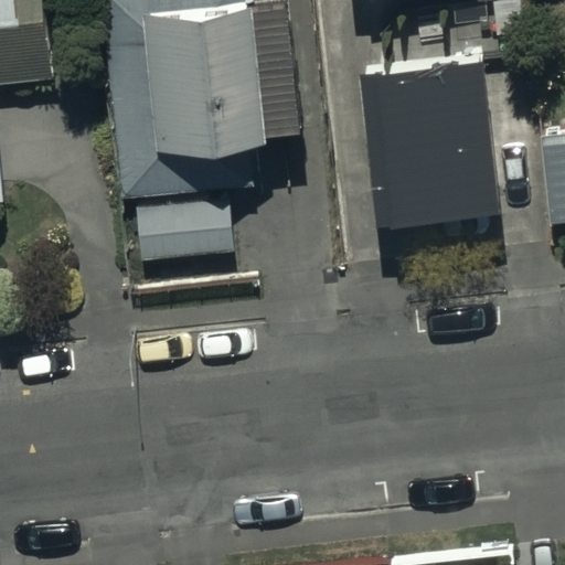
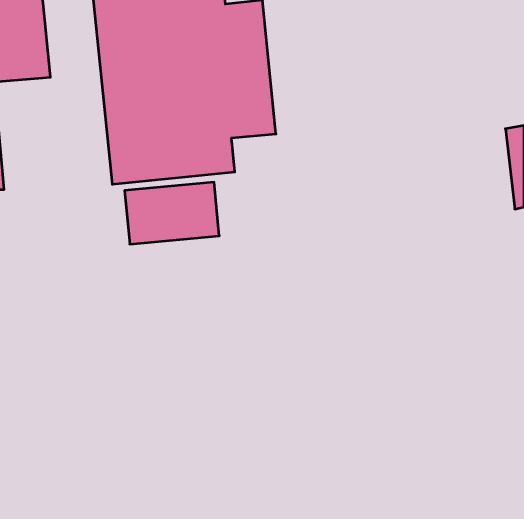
building: [360,29,501,194] -> none

